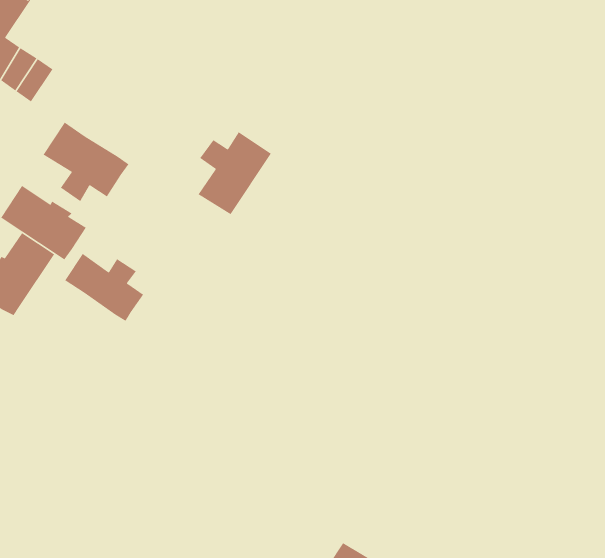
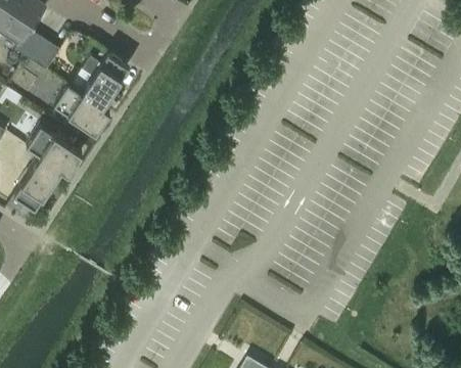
building: [197,131,272,215] -> [82,53,130,107]
building: [64,253,144,322] -> none

